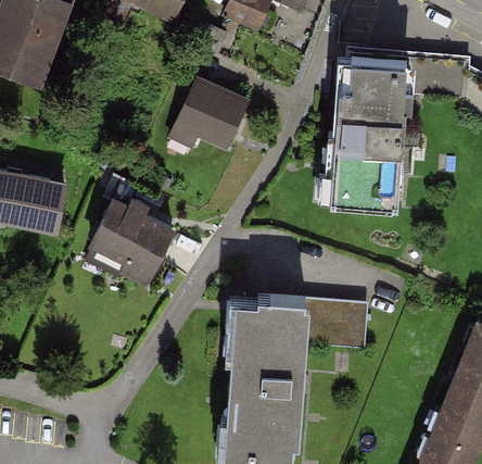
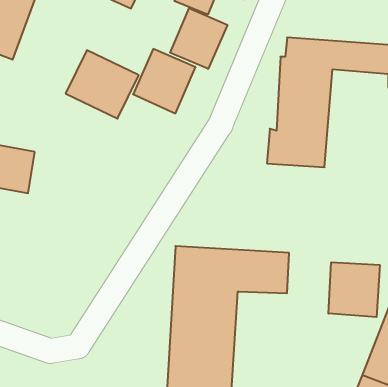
building: none -> [170,8,227,69]
building: [89,199,172,276] -> [66,50,139,119]
building: none -> [328,262,380,317]

